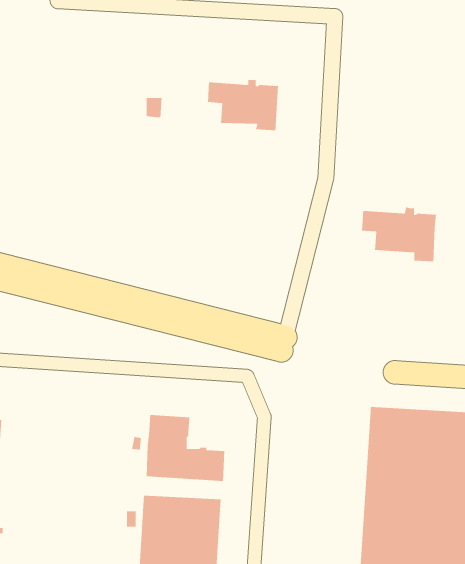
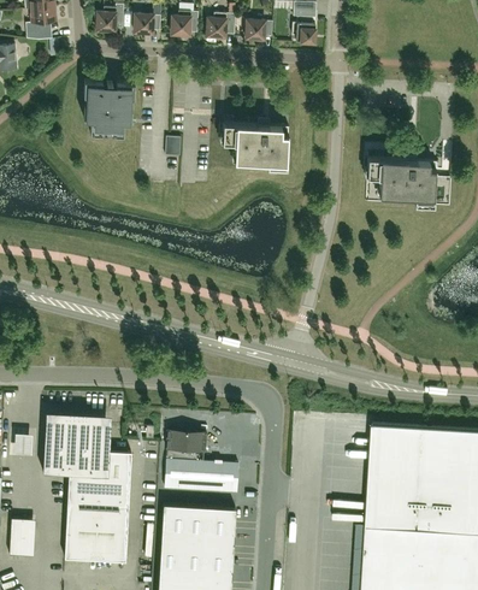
building: none -> [83,82,134,136]
building: [361,206,437,262] -> [366,155,436,207]
building: none -> [43,425,131,562]

